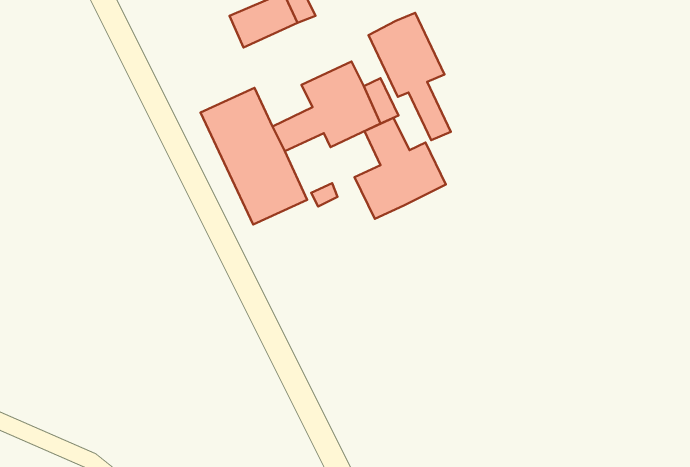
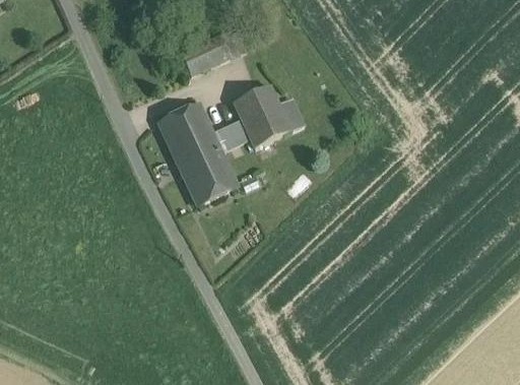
building: [369,13,451,140] -> none
building: [355,118,446,219] -> none

